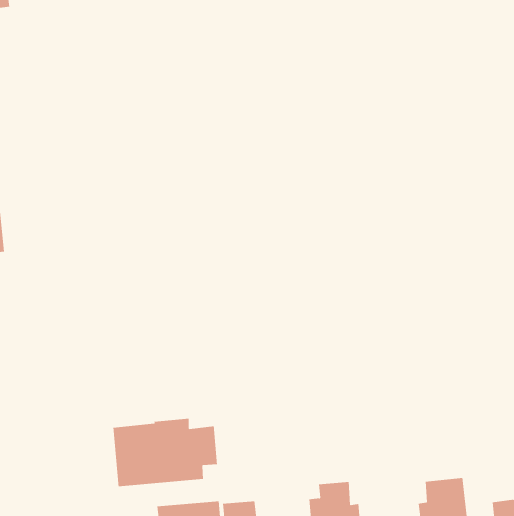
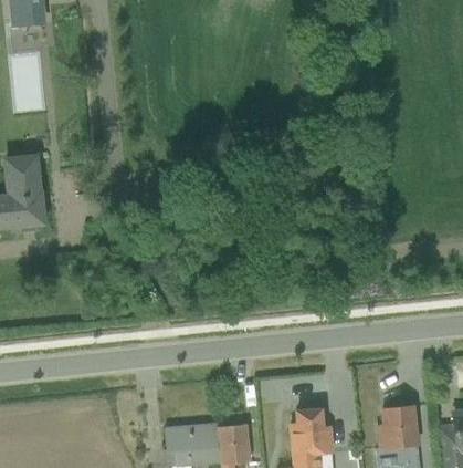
building: [113,418,218,487] -> none

